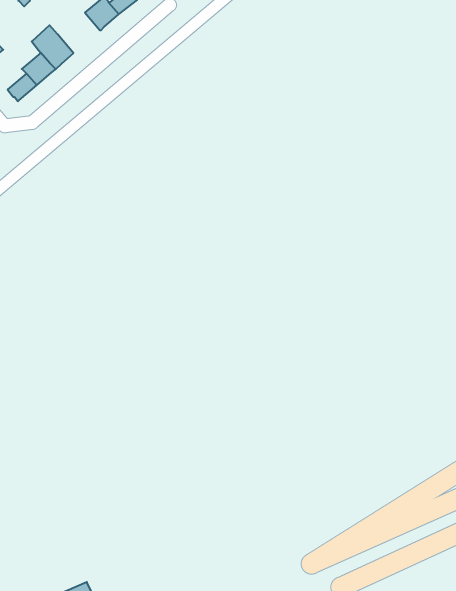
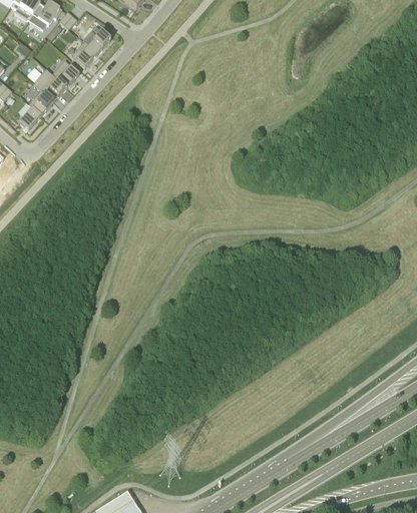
building: none -> [52,62,79,89]

